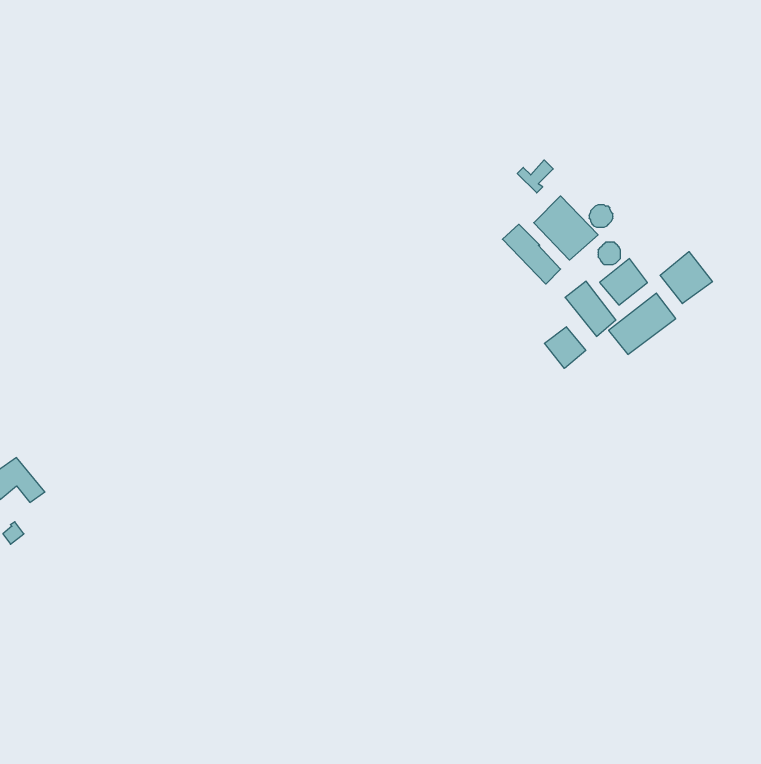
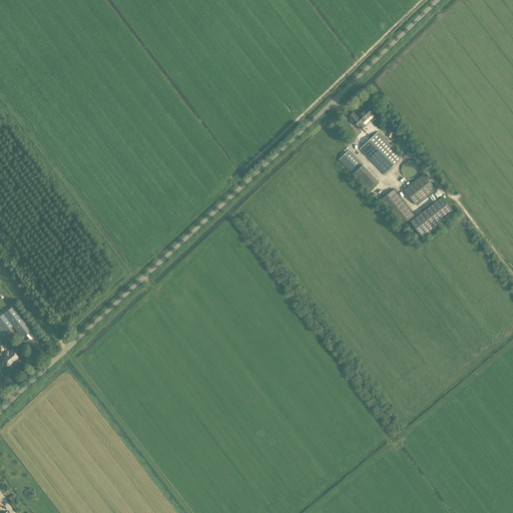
building: [660,252,712,304] -> none
building: [544,327,586,368] -> none

